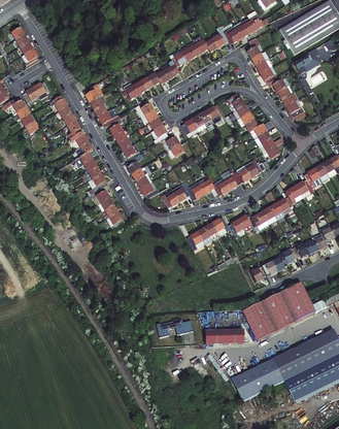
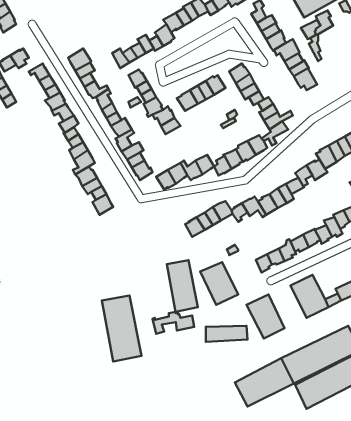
building: none -> [167,260,198,312]
building: [263,293,297,331] -> [200,262,238,305]
building: none -> [102,295,142,361]

